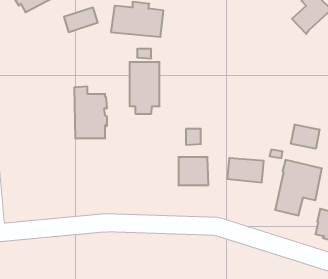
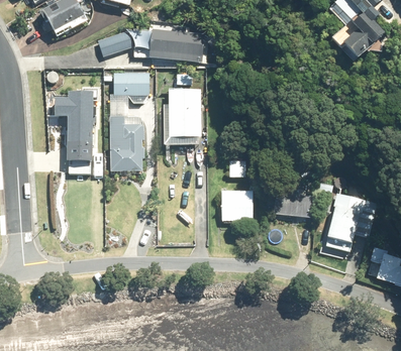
building: none -> [113,73,148,96]
building: none -> [54,90,93,173]
building: [291,124,320,149] -> none

